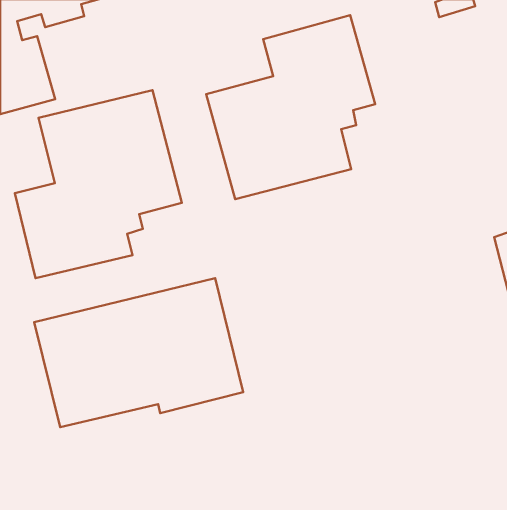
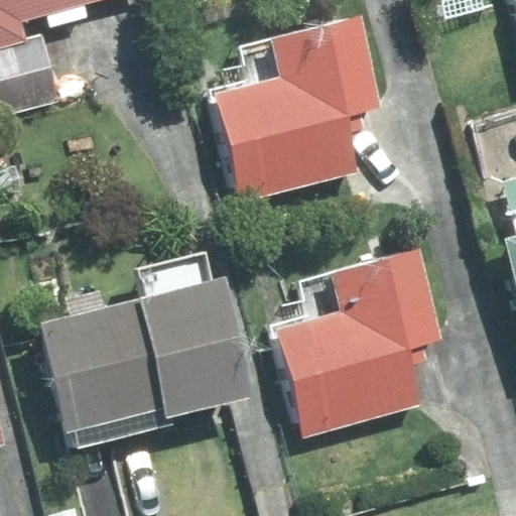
building: [15,90,182,278] -> none
building: none -> [275,248,442,436]

